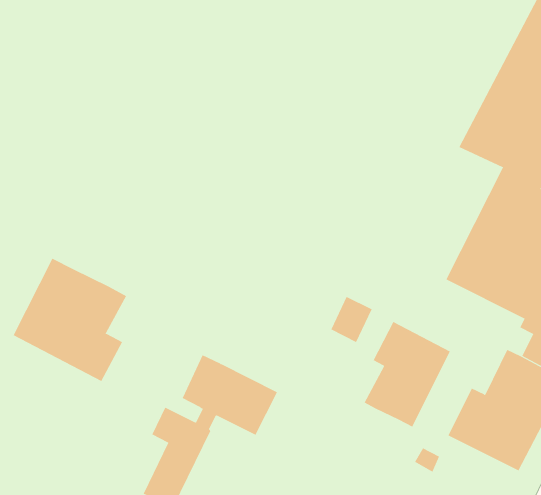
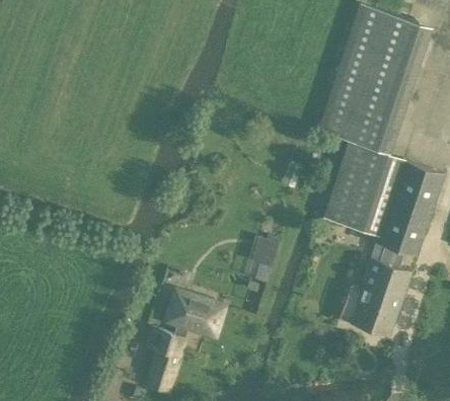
building: [13,258,127,382] -> none
building: [364,321,450,427] -> none

